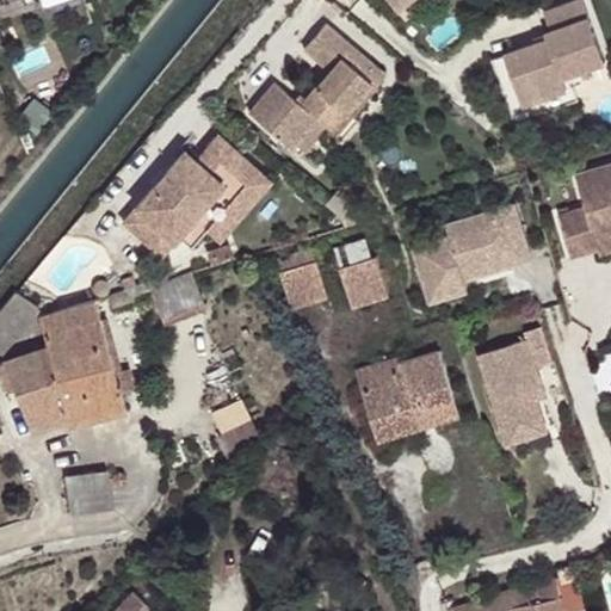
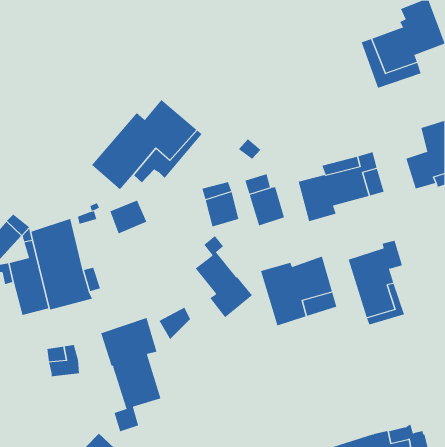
building: [253,24,372,146] -> none
building: none -> [195,235,253,318]
building: none -> [101,317,161,432]

